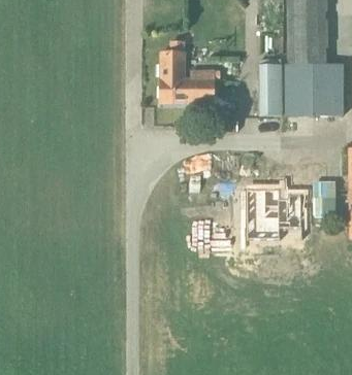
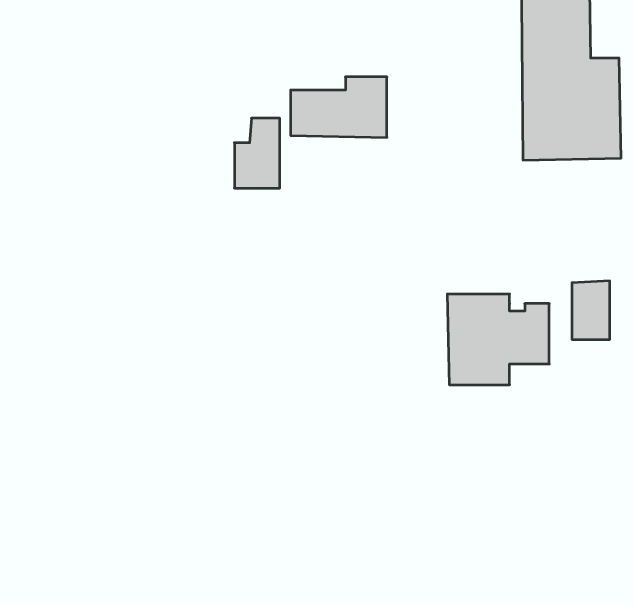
building: [161,39,186,77] -> [234,118,280,188]
building: [259,62,283,113] -> none

